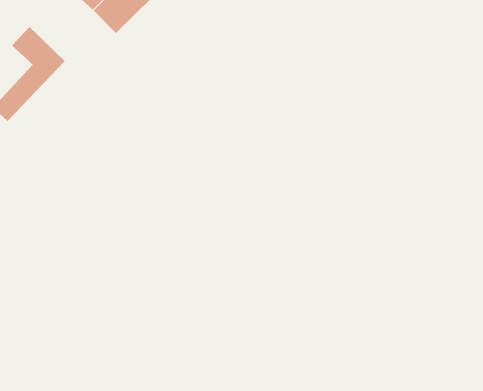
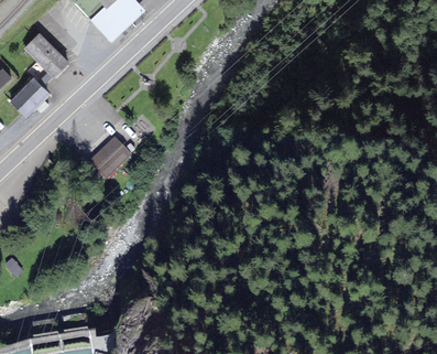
building: none -> [89,137,131,180]

